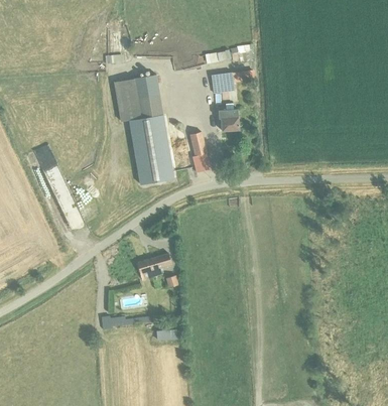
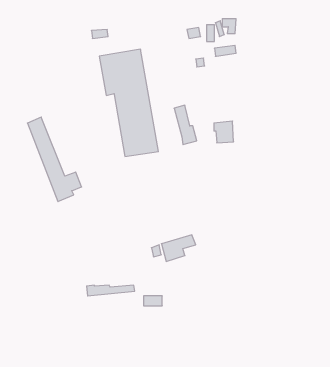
building: [218,109,238,131] -> [214,121,234,143]
building: [136,254,171,281] -> [161,235,196,261]

